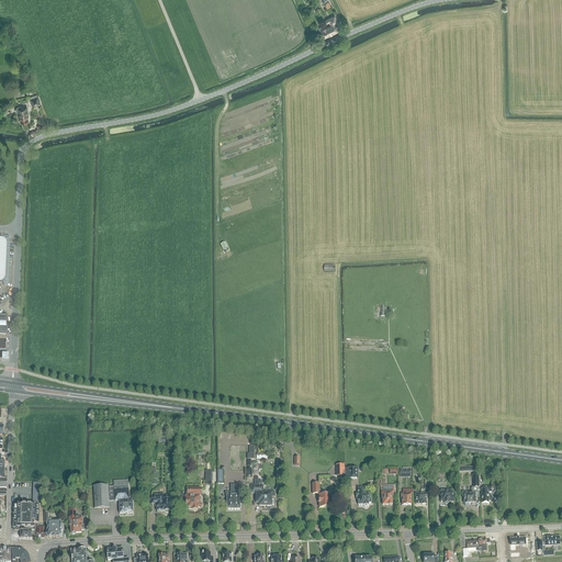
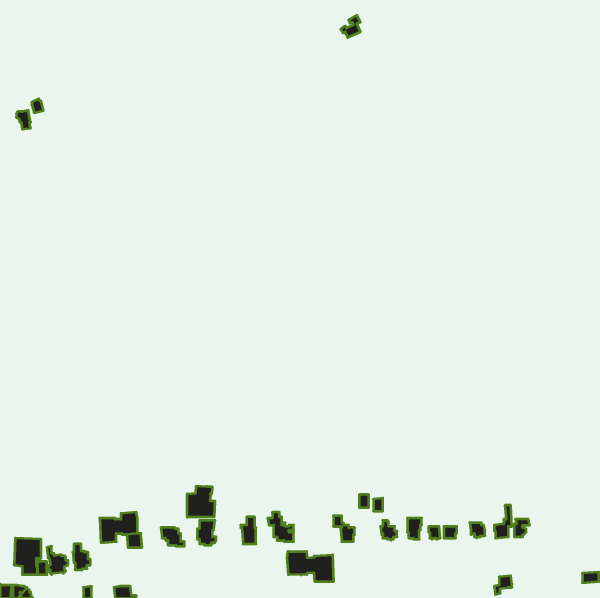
building: none -> [187,486,215,517]
building: none -> [287,551,334,582]

